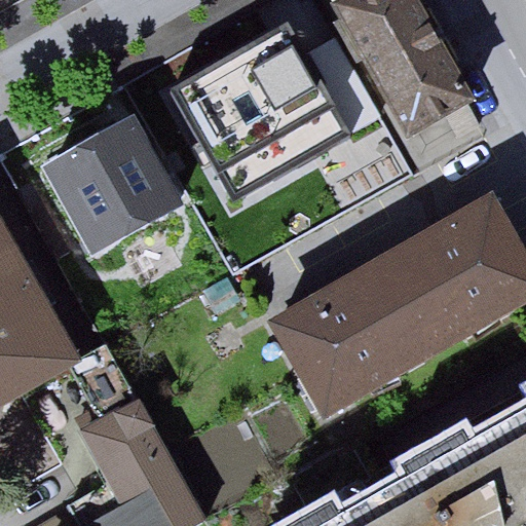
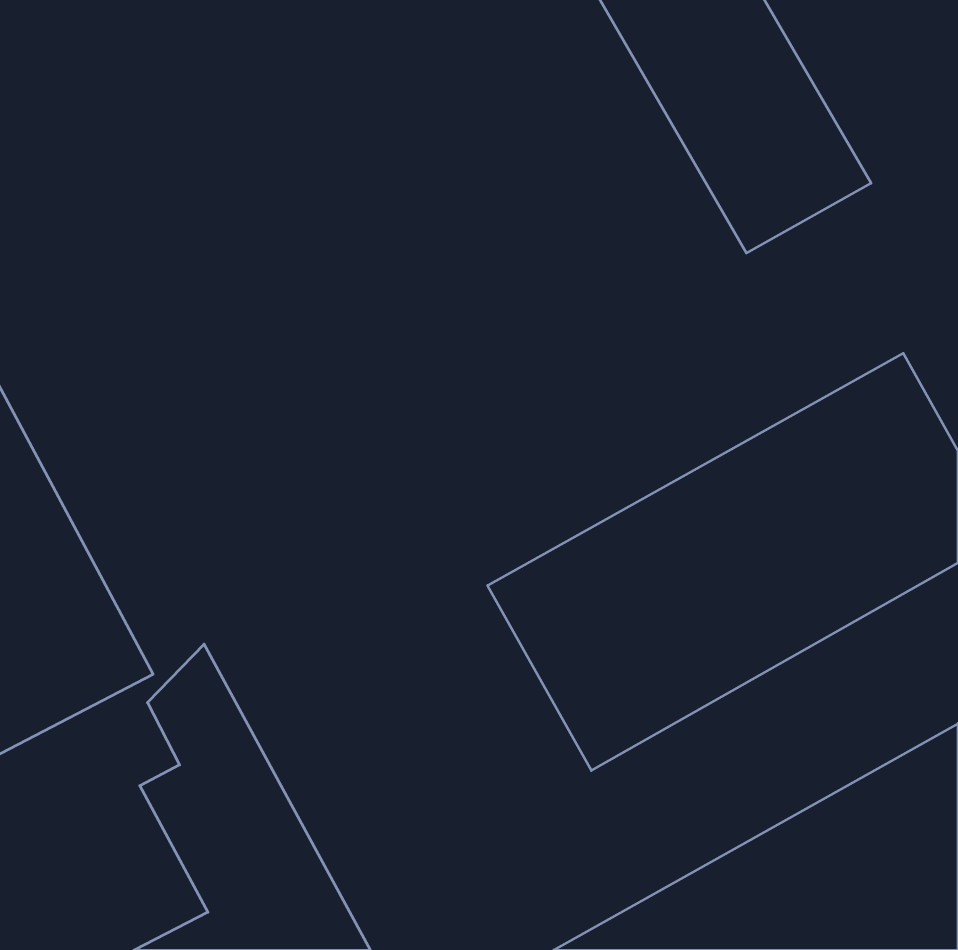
building: [185,29,383,190] -> none
building: [40,116,188,266] -> none

